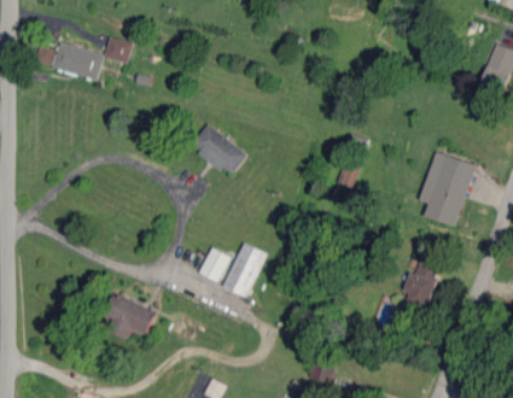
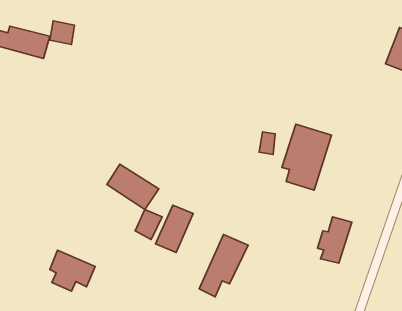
building: [191,124,249,175] -> [107,164,159,209]
building: [419,152,474,226] -> [282,124,331,190]
building: none -> [199,234,248,297]

